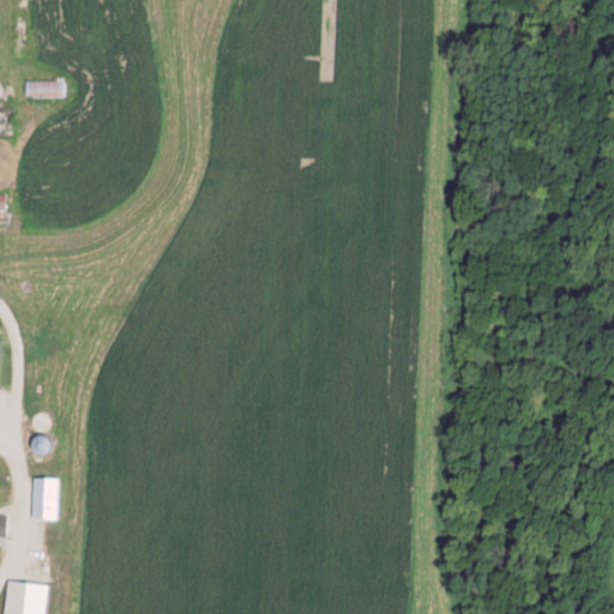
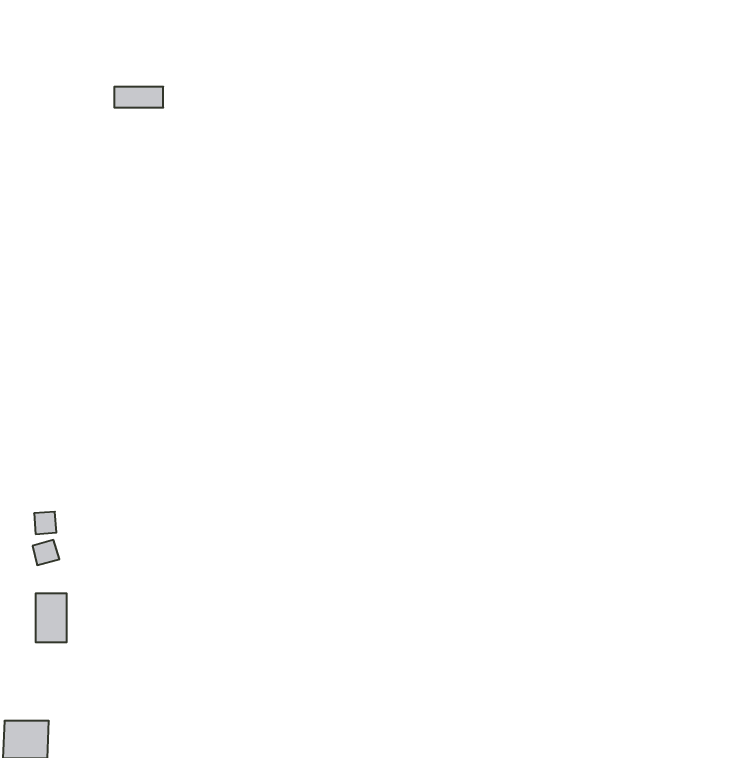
building: [25,80,65,97] -> [114,87,163,108]

